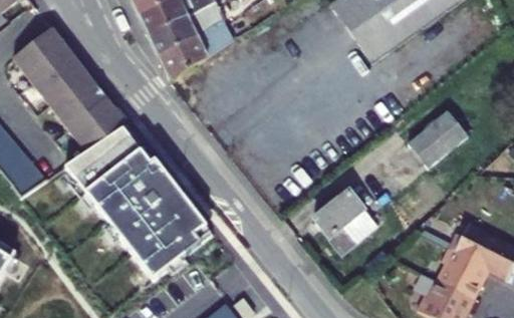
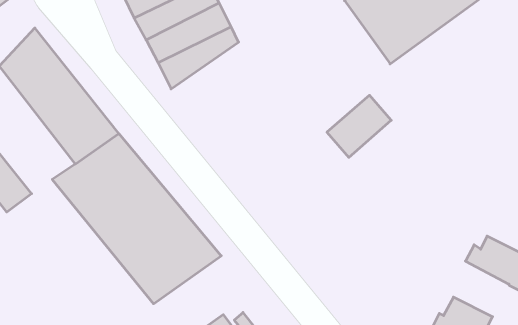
building: [406,105,465,163] -> [327,95,391,157]
building: [314,188,376,251] -> none
building: [435,246,486,297] -> none

